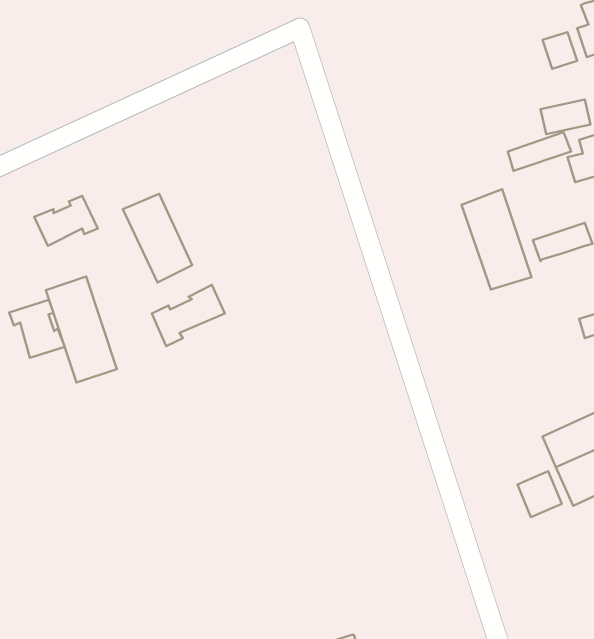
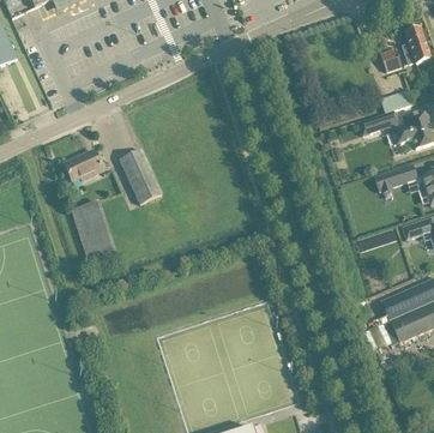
building: [462,189,531,290] -> none
building: [152,285,225,346] -> none
building: [9,300,65,358] -> none

